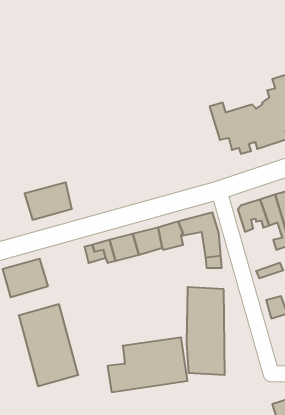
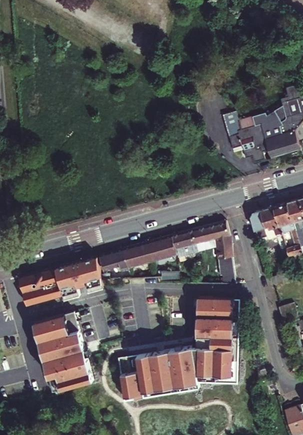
building: [24,182,72,220] -> [53,256,100,293]

